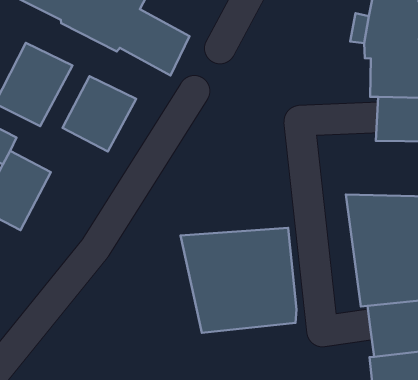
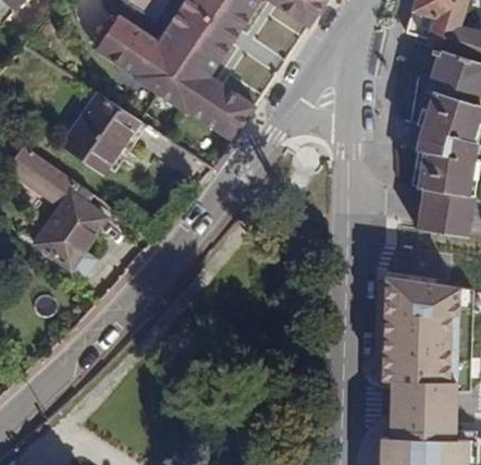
building: [62,76,136,151] -> none
building: [180,228,297,333] -> none

